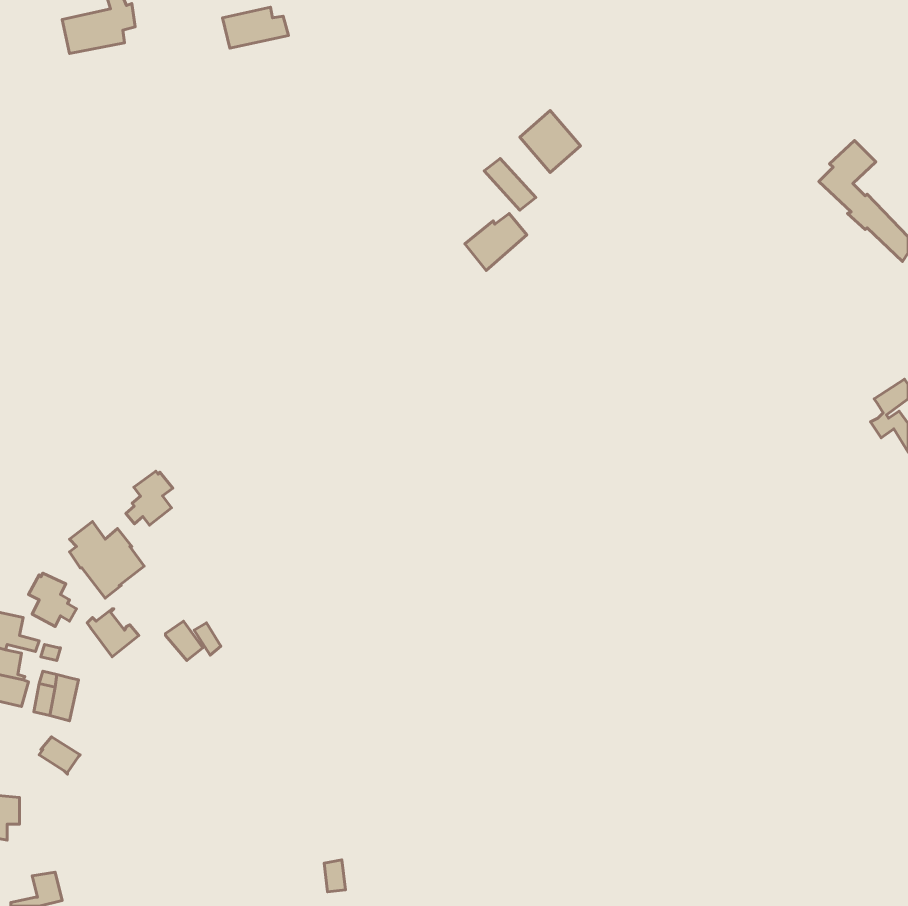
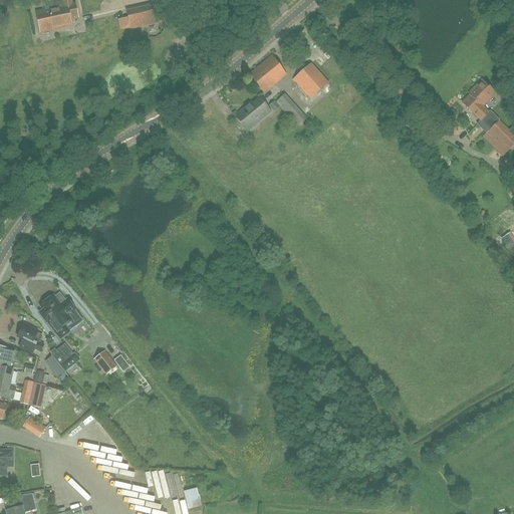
building: none -> [248,55,285,91]
building: [465,214,527,271] -> [234,97,269,130]
building: [126,471,173,525] -> none

